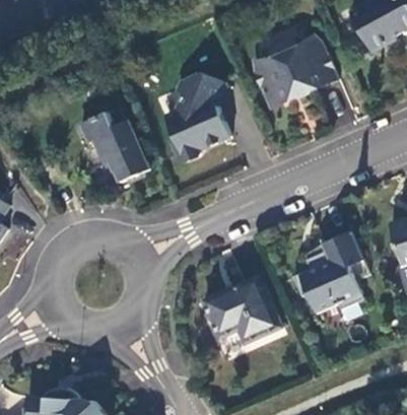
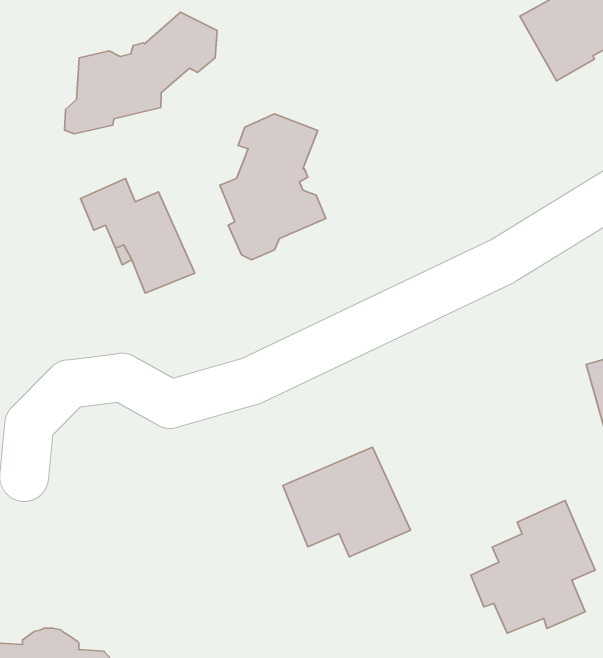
building: none -> [64,12,217,134]
building: [254,34,337,108] -> none
building: [293,231,369,313] -> [471,501,595,633]

